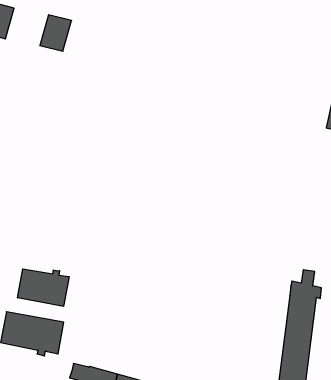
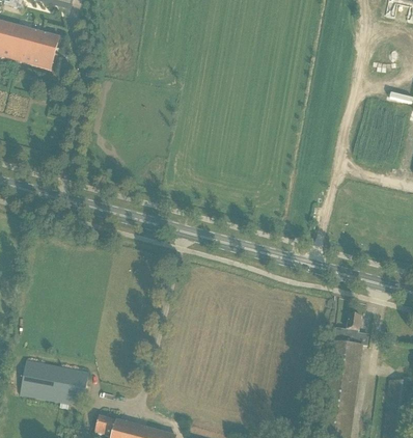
building: [40,15,72,51] -> [25,29,59,69]
building: [18,269,69,306] -> none

